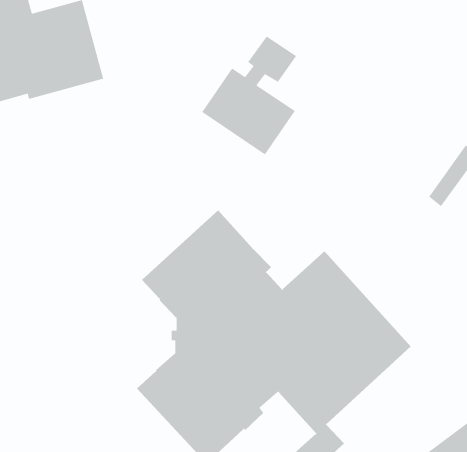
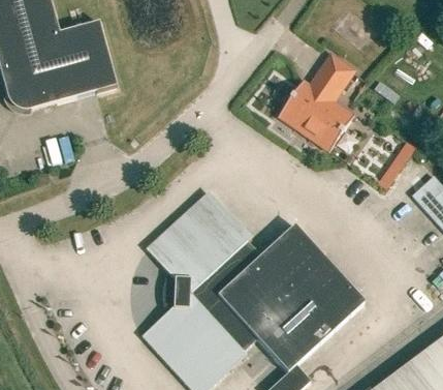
building: [201,35,297,156] -> [277,53,354,150]

